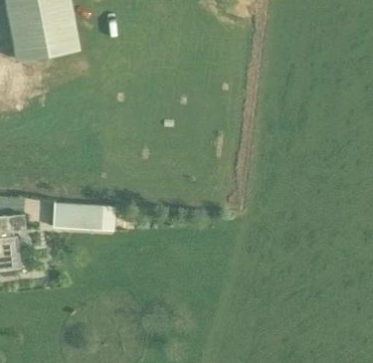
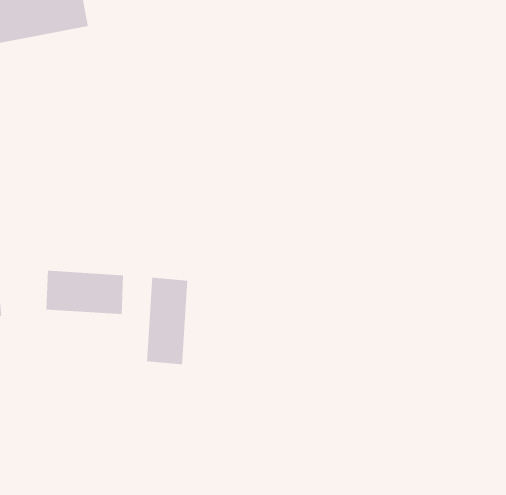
building: none -> [146,277,188,365]

